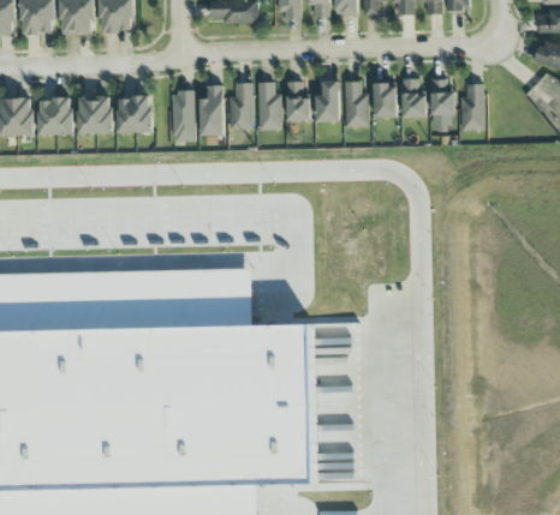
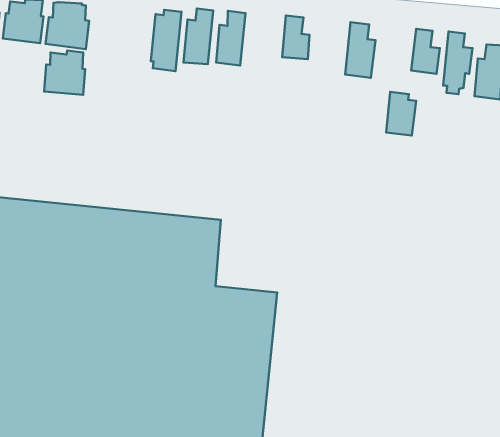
building: [317,78,340,119] -> none
building: [374,79,398,115] -> [386,92,416,136]
building: [258,82,282,130] -> none
building: [118,92,154,131] -> [44,51,85,95]

